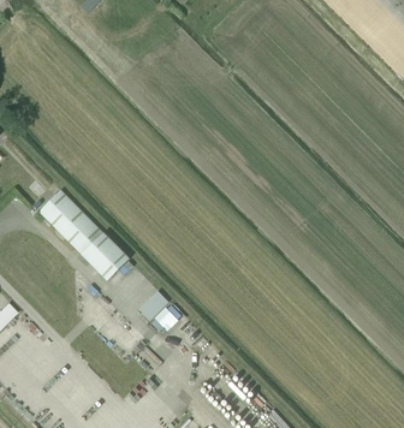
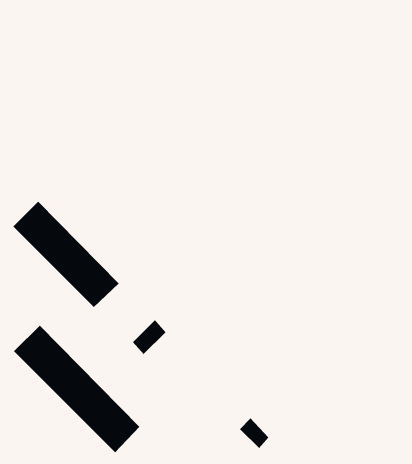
building: none -> [13,325,140,453]

